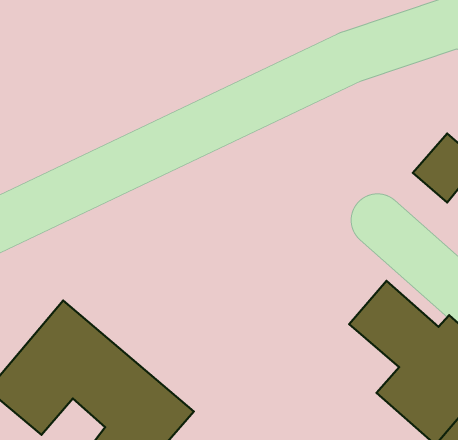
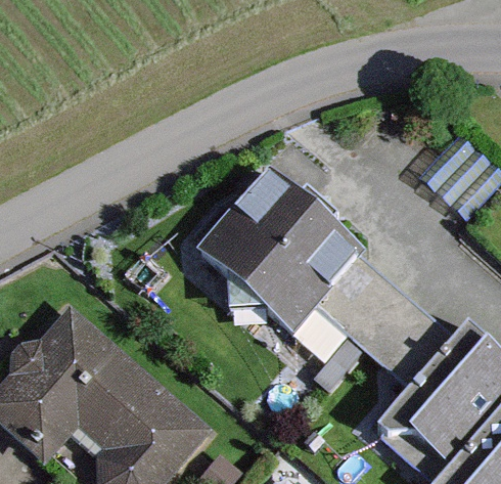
building: none -> [209,179,405,342]

